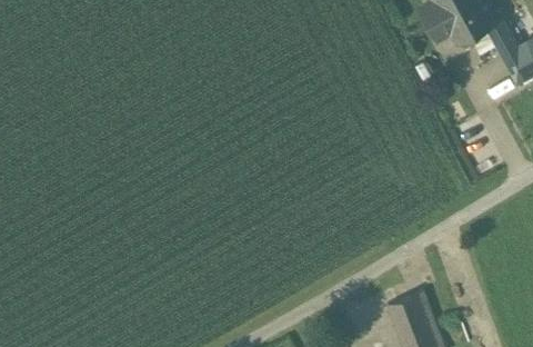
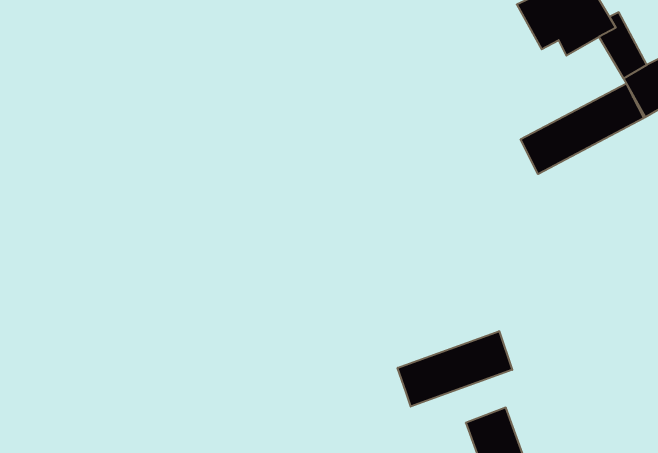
building: none -> [521,83,644,174]
building: none -> [398,331,512,407]

